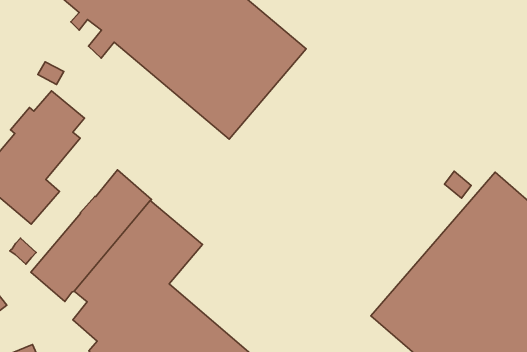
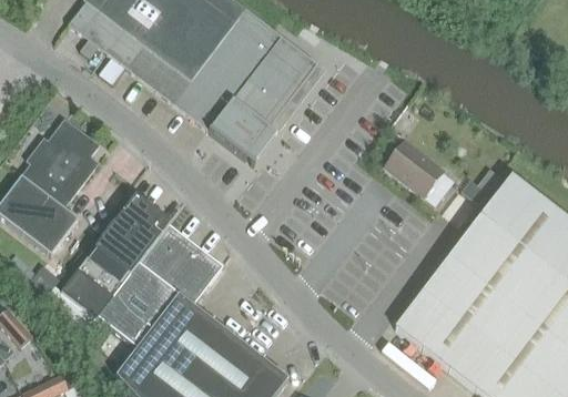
building: none -> [385,141,445,197]

